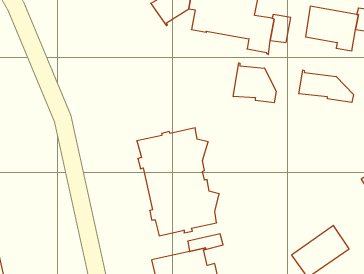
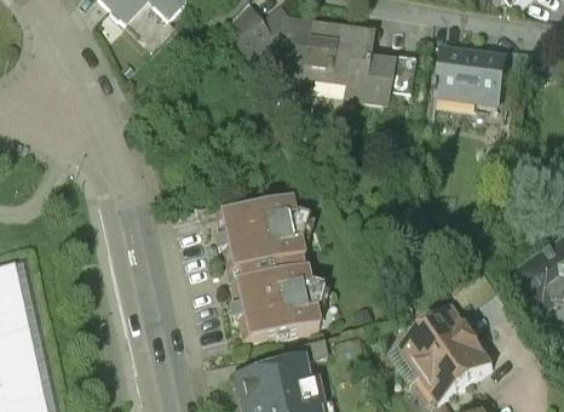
building: [233,63,276,103] -> none
building: [299,70,353,102] -> none
building: none -> [397,302,471,367]

